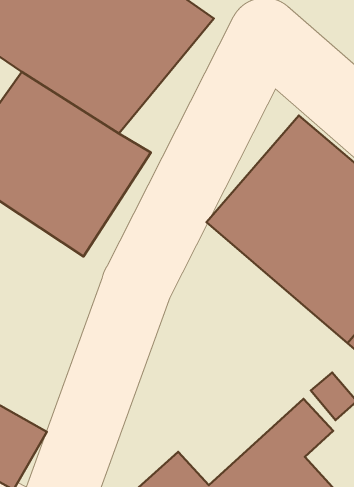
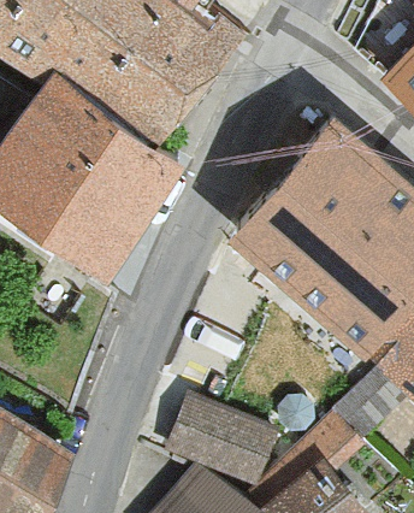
building: none -> [167,401,274,488]

